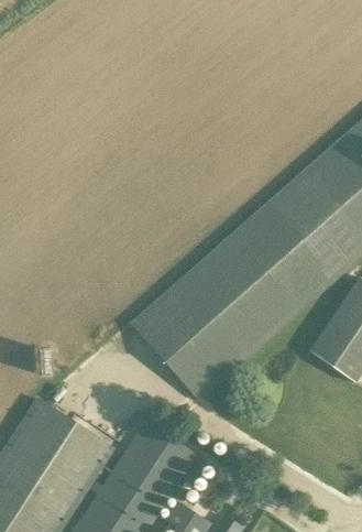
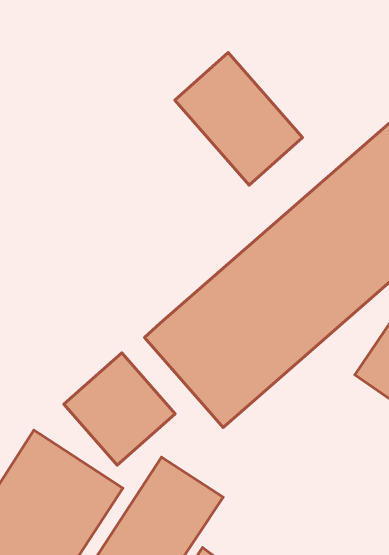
building: none -> [175,52,303,185]
building: none -> [64,353,175,465]

